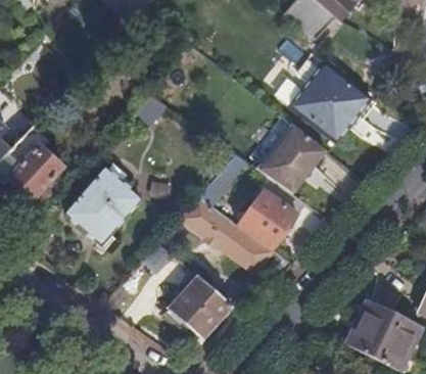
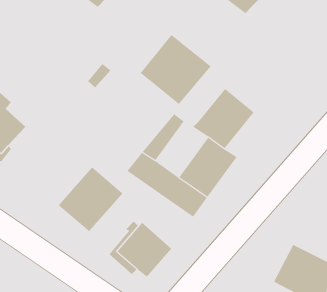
building: [289,61,371,142] -> [140,34,211,105]
building: [66,168,141,242] -> [58,166,123,232]

